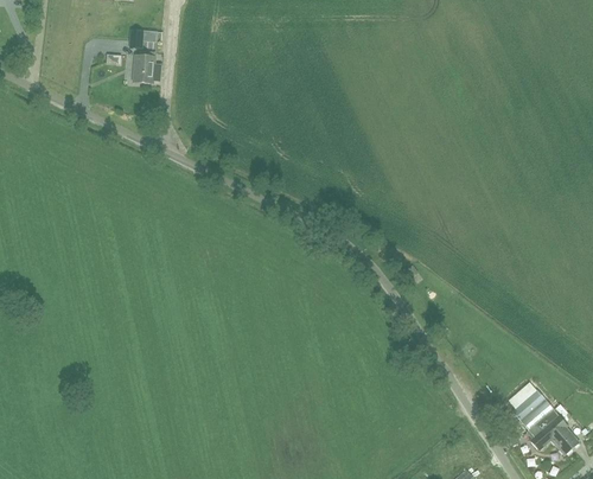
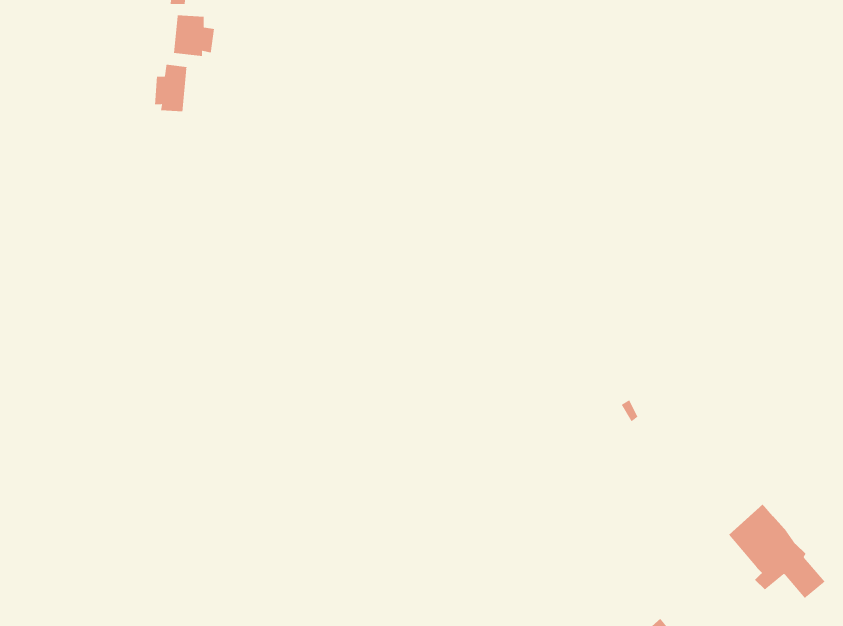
building: none -> [155,64,187,112]

